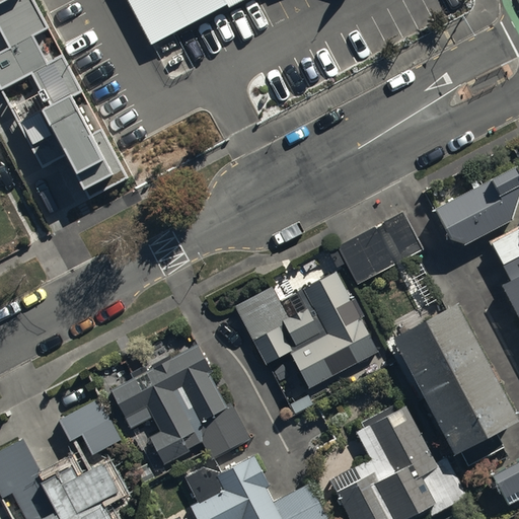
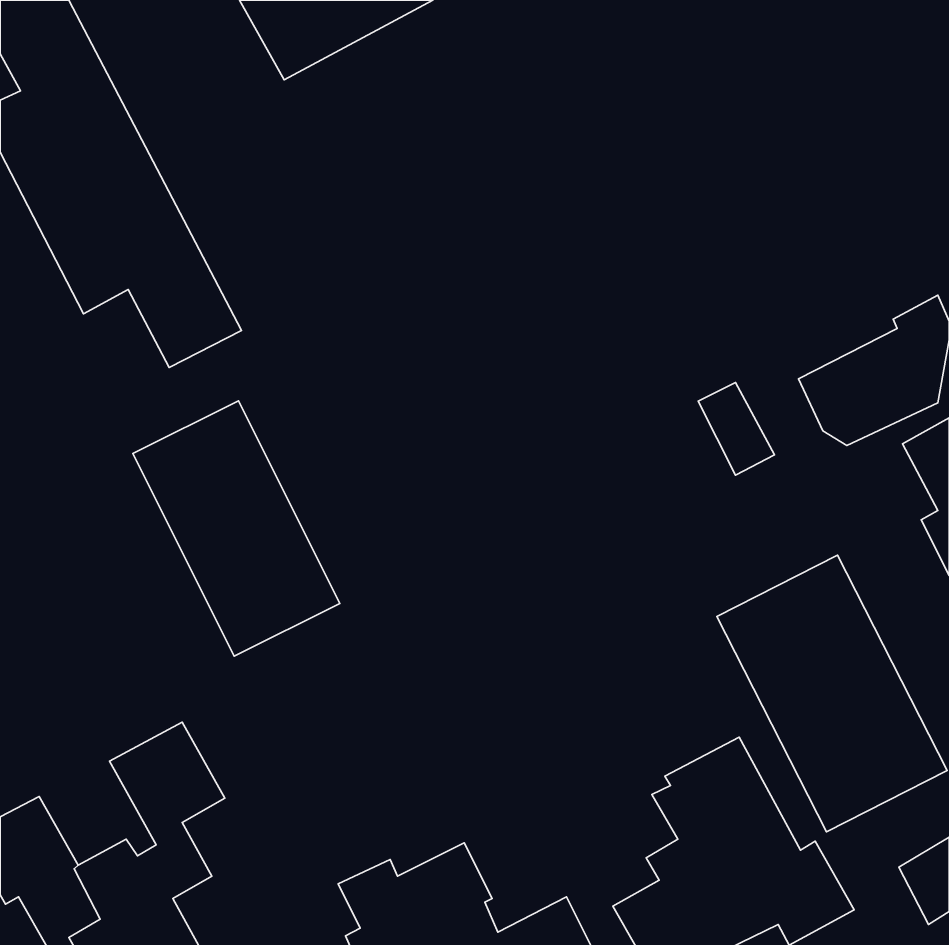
building: none -> [133,401,340,656]
building: [336,224,392,282] -> none
building: [239,269,377,385] -> none
building: [108,359,249,461] -> none

